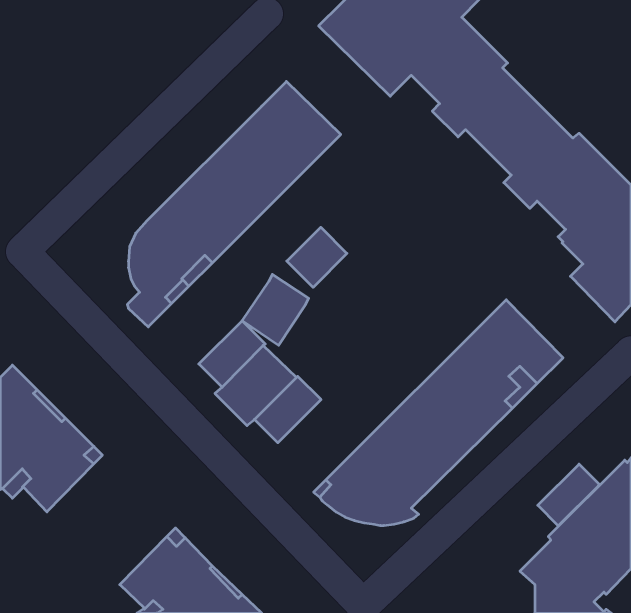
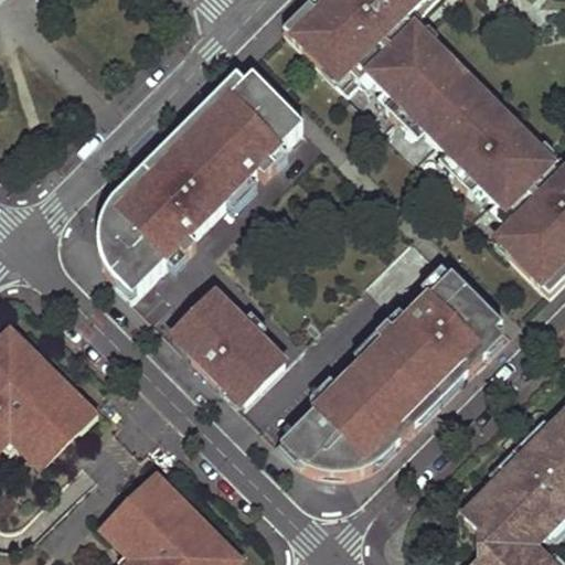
building: none -> [99,84,234,273]
building: [287,227,347,287] -> none
building: [242,274,309,345] -> none
building: [538,464,600,526] -> none

